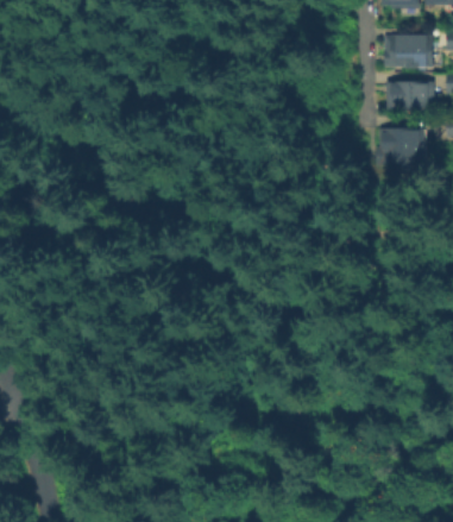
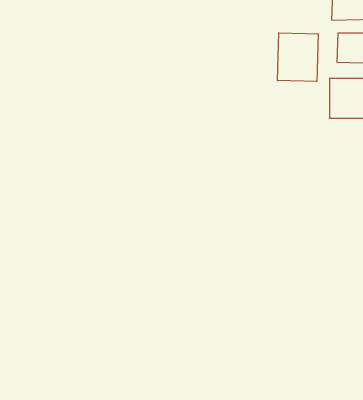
building: none -> [277,33,318,82]

